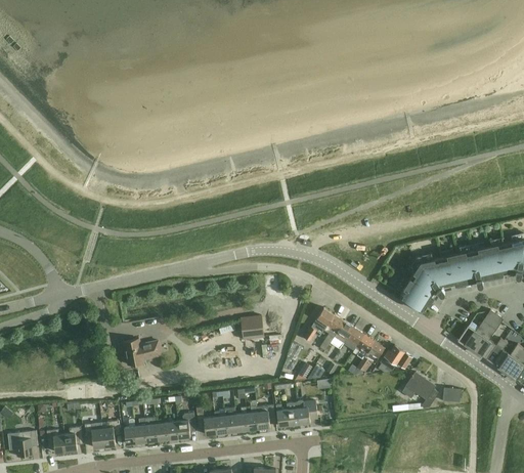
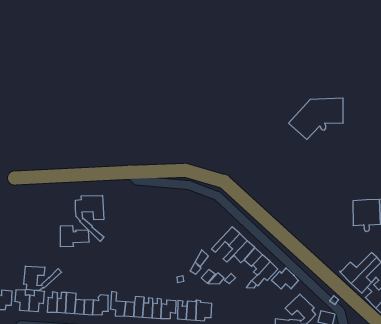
building: [400,254,464,309] -> [289,98,343,139]
building: none -> [75,195,104,241]
building: [241,315,264,339] -> none
building: none -> [24,266,62,291]

